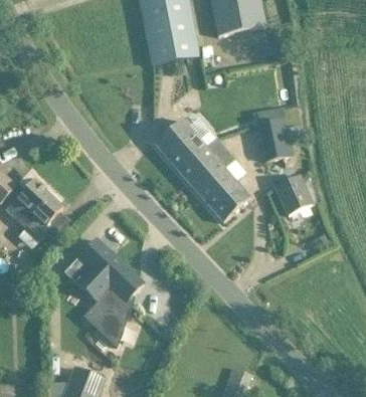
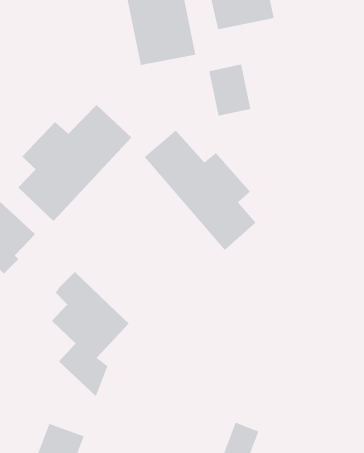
building: none -> [17,104,132,222]
building: [256,116,293,160] -> [208,64,251,116]
building: [276,174,314,215] -> none

